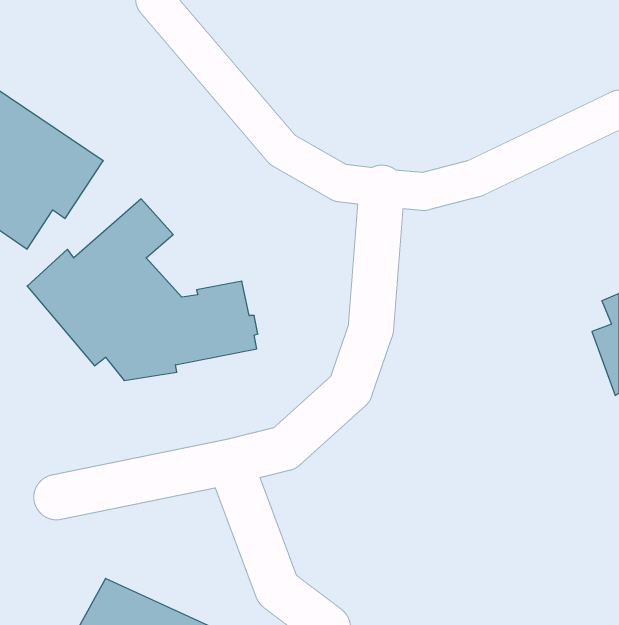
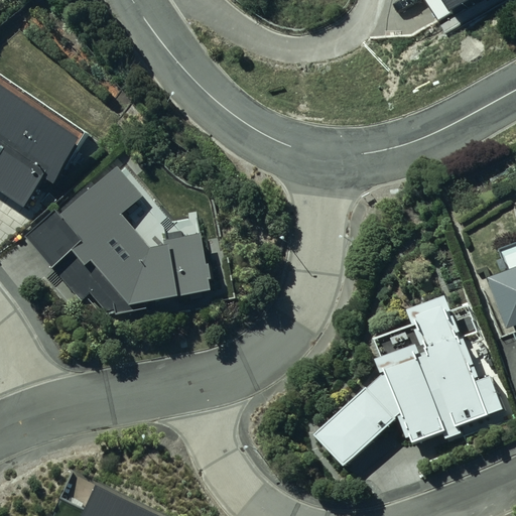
building: none -> [314,293,501,466]

